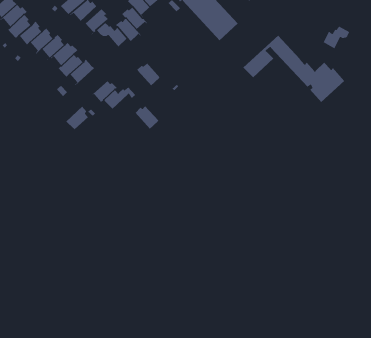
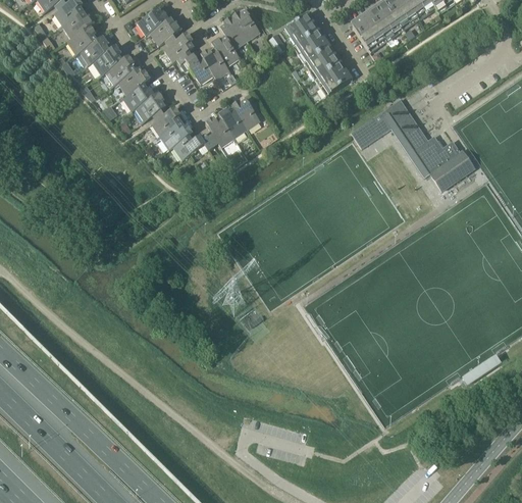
building: [323,26,351,49] -> none
building: none -> [230,98,260,129]
building: [135,105,162,129] -> [205,116,237,147]
building: [66,106,89,133] -> [151,107,180,139]

